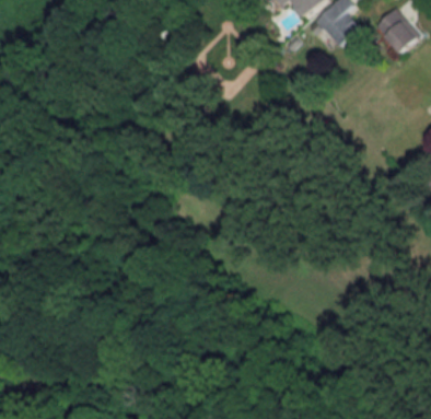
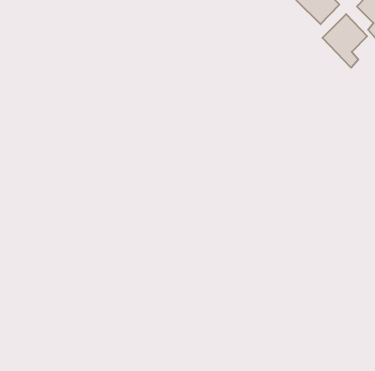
building: none -> [322,14,367,68]

